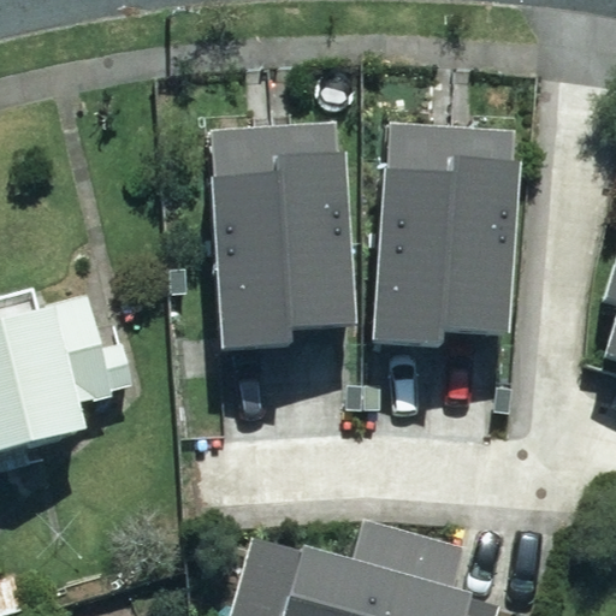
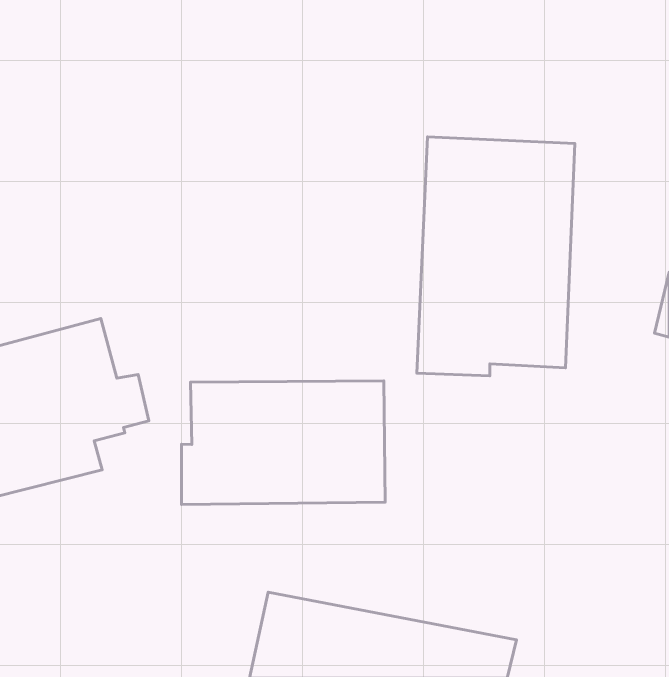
building: [211,126,350,345] -> none
building: none -> [181,381,385,504]

